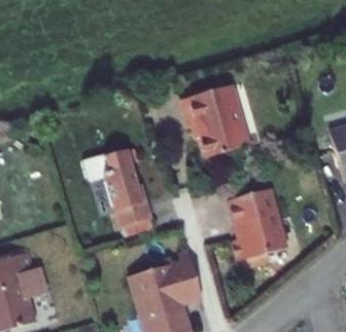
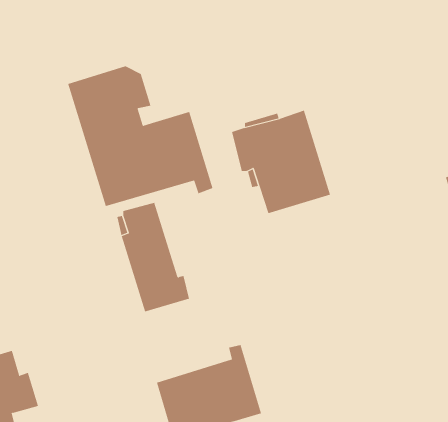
building: none -> [67,66,213,207]
building: [227,188,288,262] -> none

